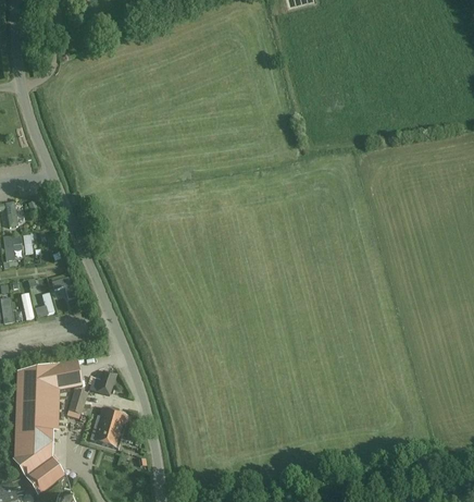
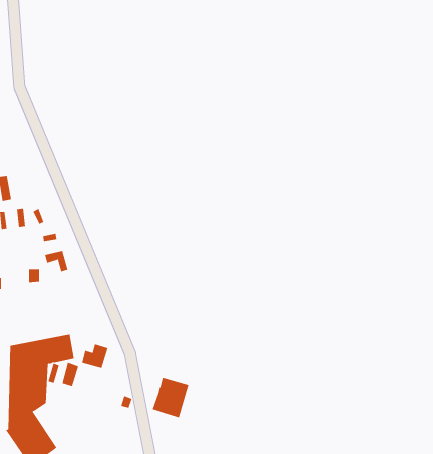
building: [91,407,129,449] -> [152,377,190,418]

